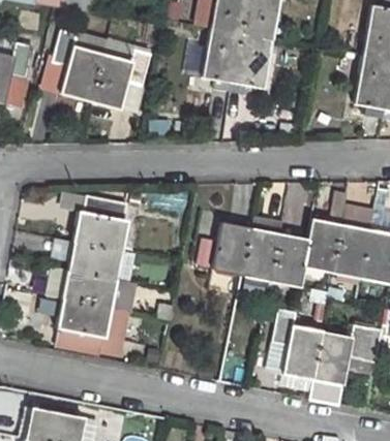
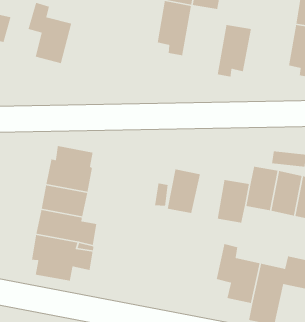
building: [232,33,272,95] -> [217,24,252,78]
building: [91,49,151,108] -> none
building: [242,228,279,281] -> none

